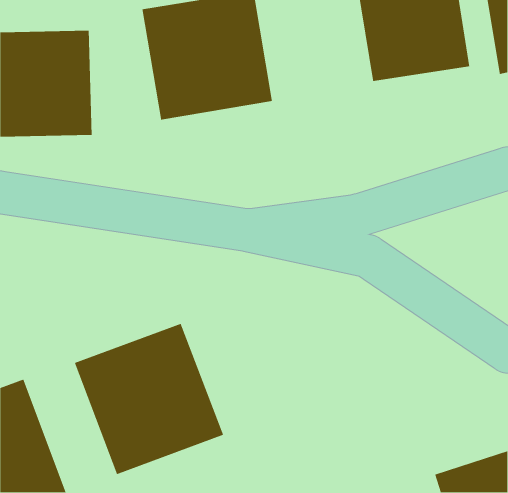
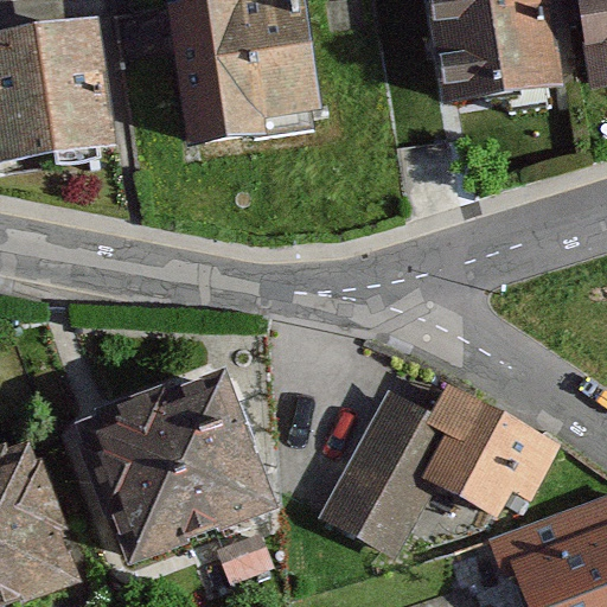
building: none -> [317,381,557,548]

